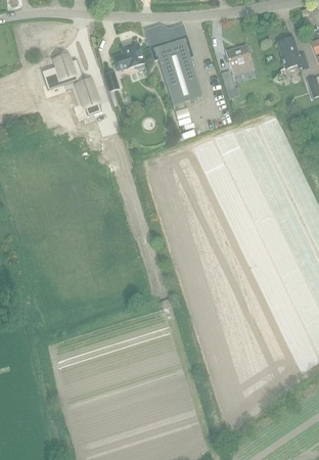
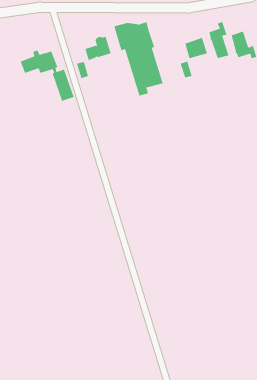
building: none -> [209,21,229,59]

